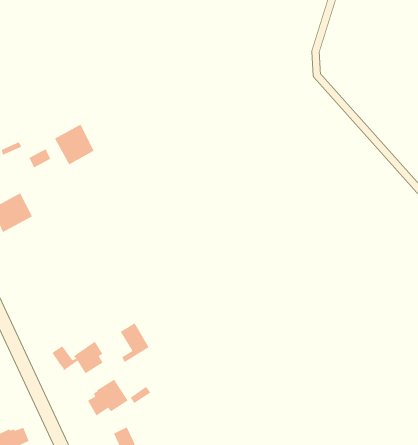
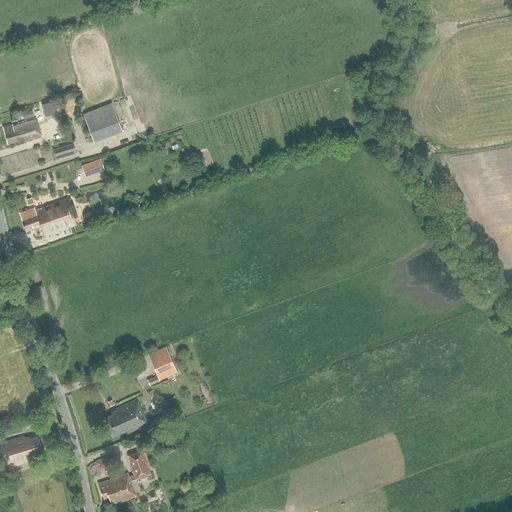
building: [54,124,94,165] -> [83,102,122,142]
building: [52,341,103,374] -> none

